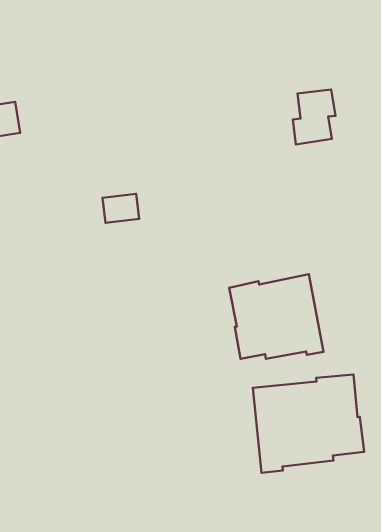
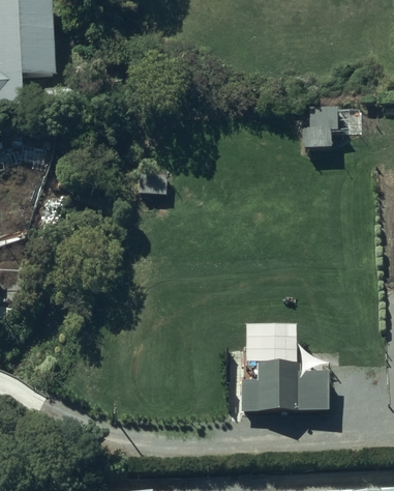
building: [229,274,323,359] -> none

